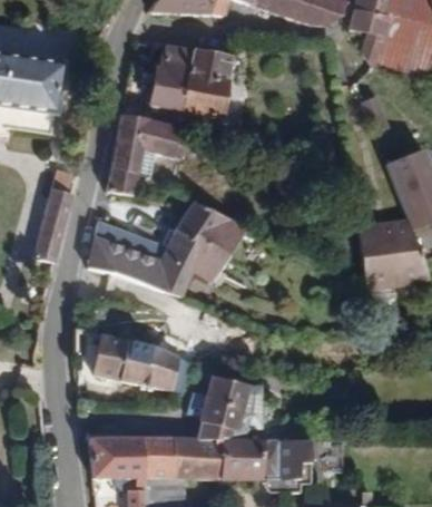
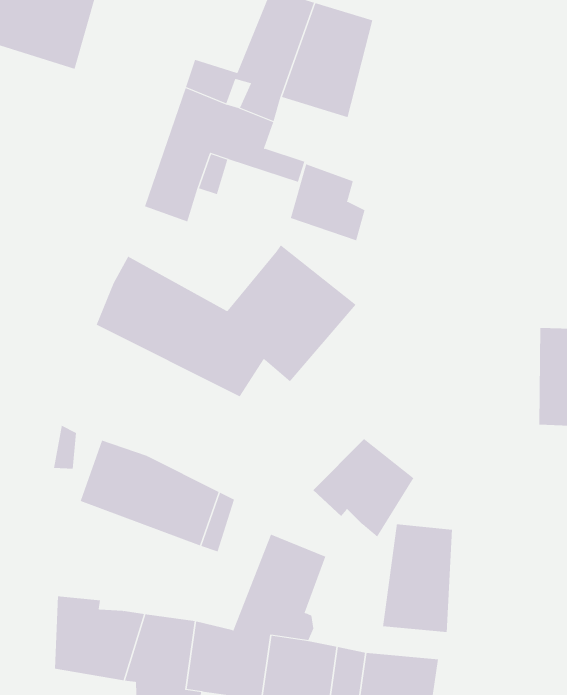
building: none -> [290,163,365,241]
building: [33,189,73,261] -> none
building: none -> [312,438,414,537]
building: none -> [382,524,452,633]

